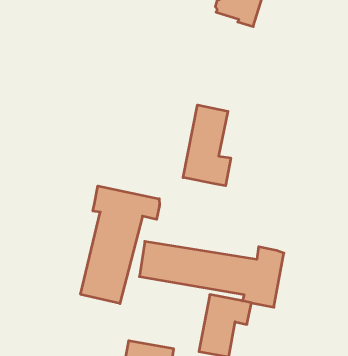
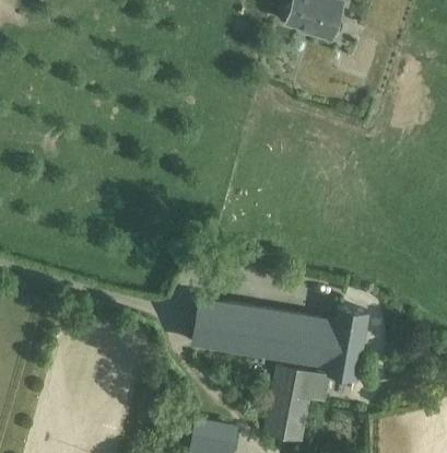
building: [183,105,231,186] -> none
building: [81,186,159,304] -> none

